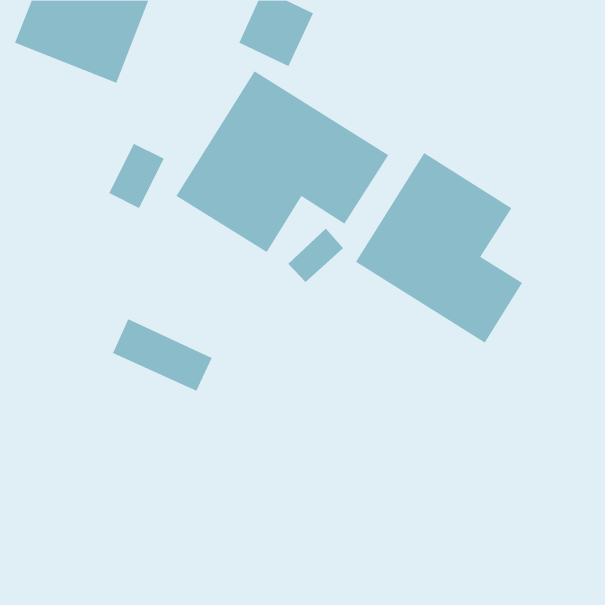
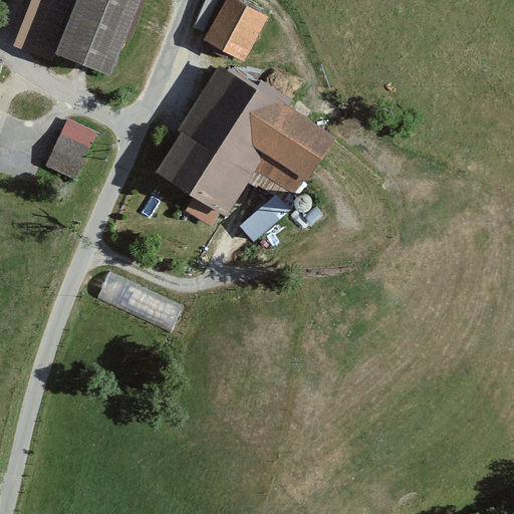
building: [109,143,165,209] -> [50,119,97,175]
building: [355,152,523,344] -> none

